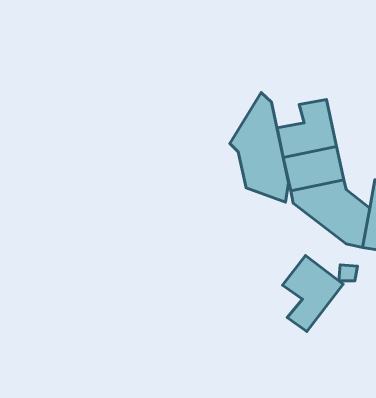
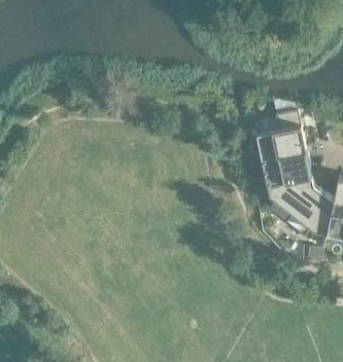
building: [230,92,289,202] -> none
building: [283,255,343,331] -> none

